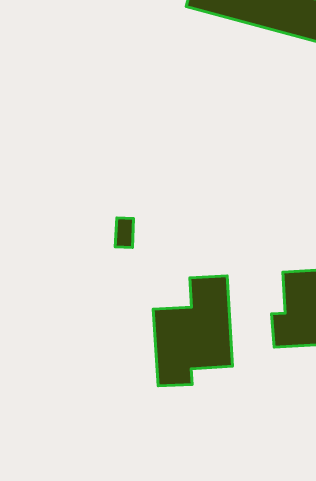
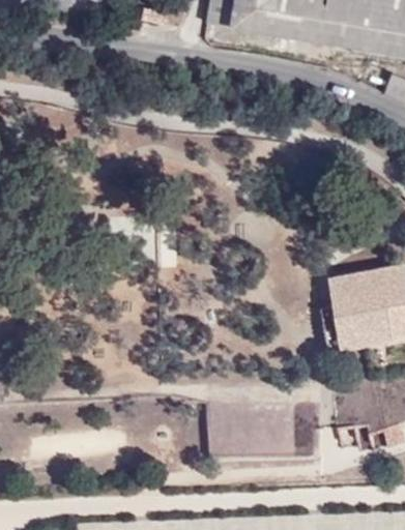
building: [153,276,232,386] -> none

